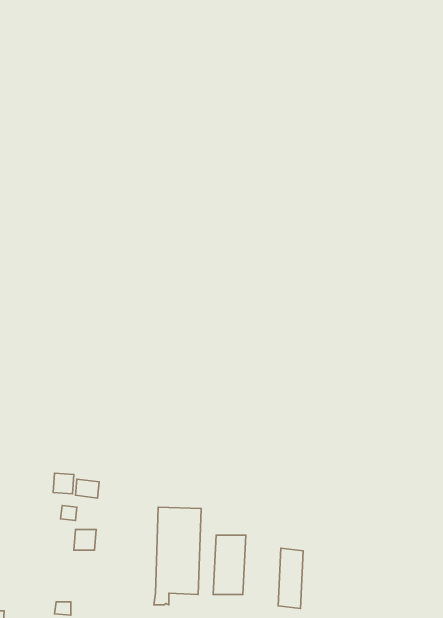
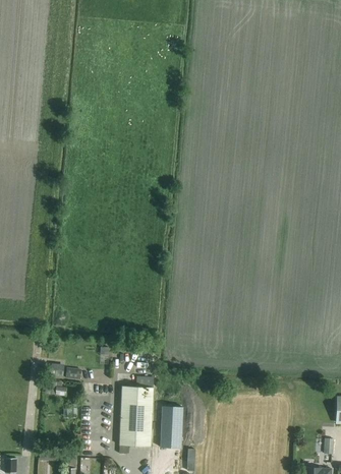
building: [278,548,303,608] -> none

